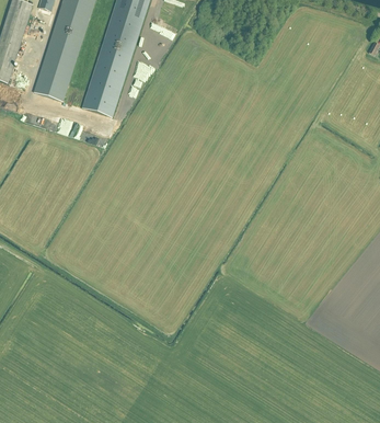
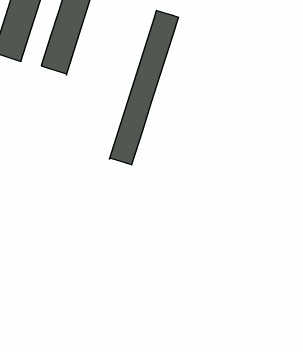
building: none -> [109,10,178,165]

